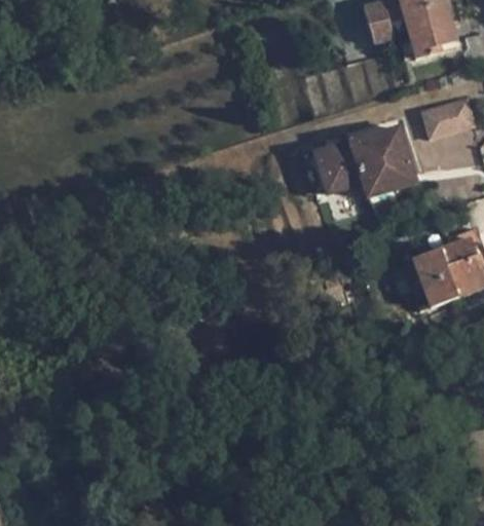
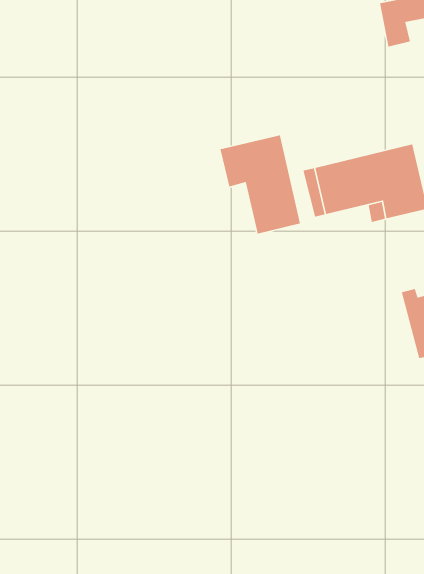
building: none -> [220,135,301,235]

